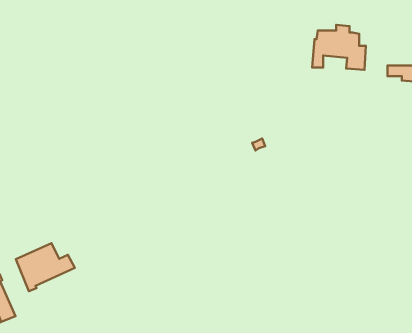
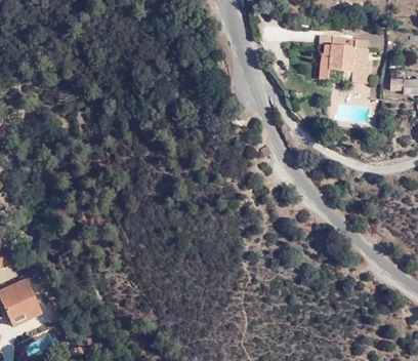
building: [16,243,75,291] -> none

